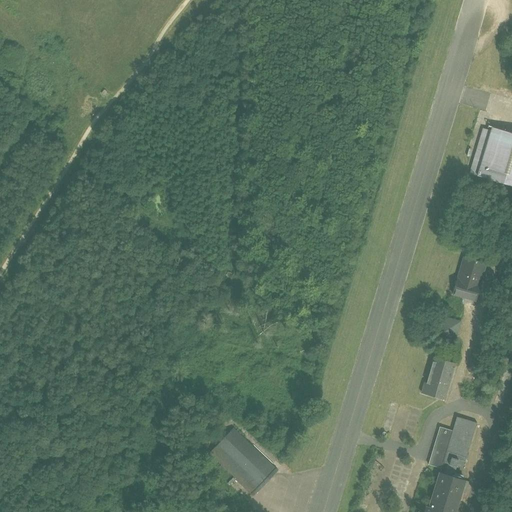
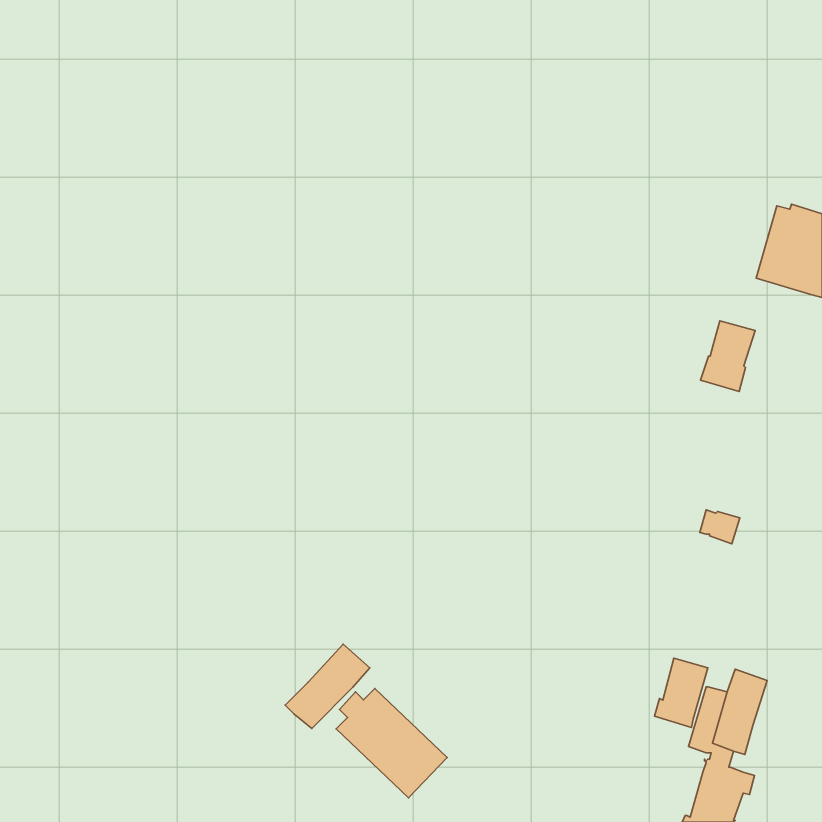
building: [452,257,486,301] -> [700,321,755,392]
building: [422,357,455,400] -> [655,658,708,727]
building: none -> [285,644,370,729]

